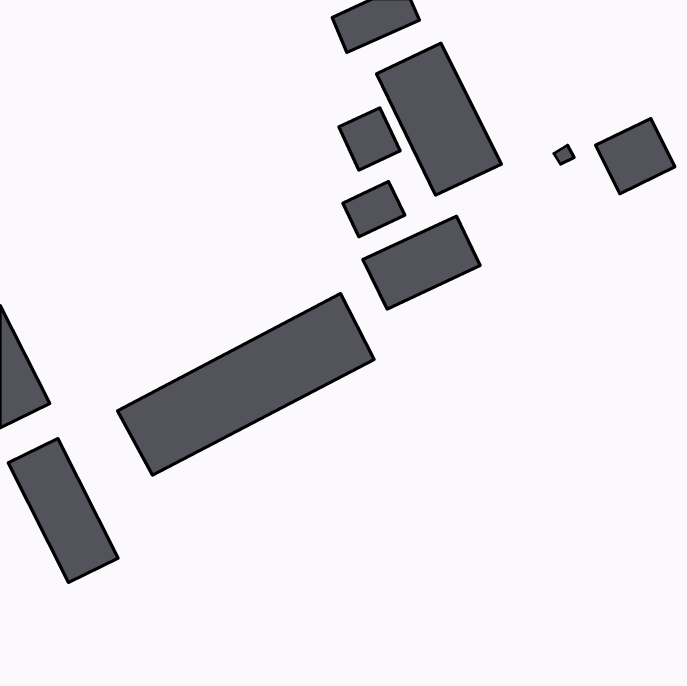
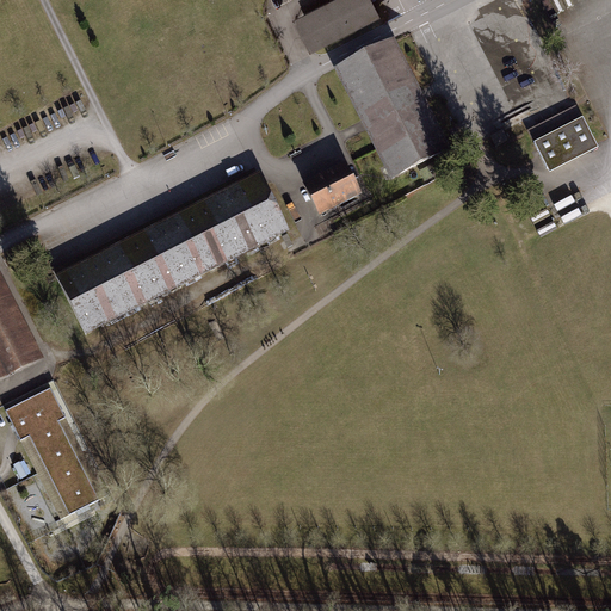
building: [339,108,400,170] -> none
building: [363,216,480,309] -> none
building: [117,294,374,475] -> [55,172,283,333]

